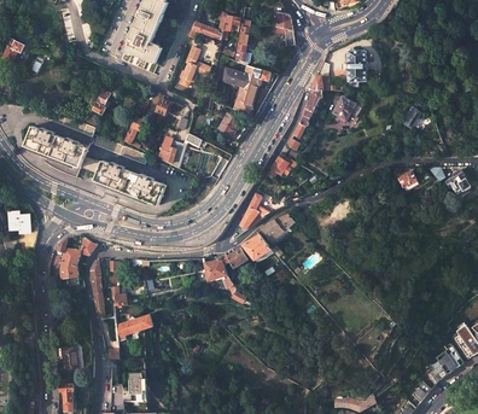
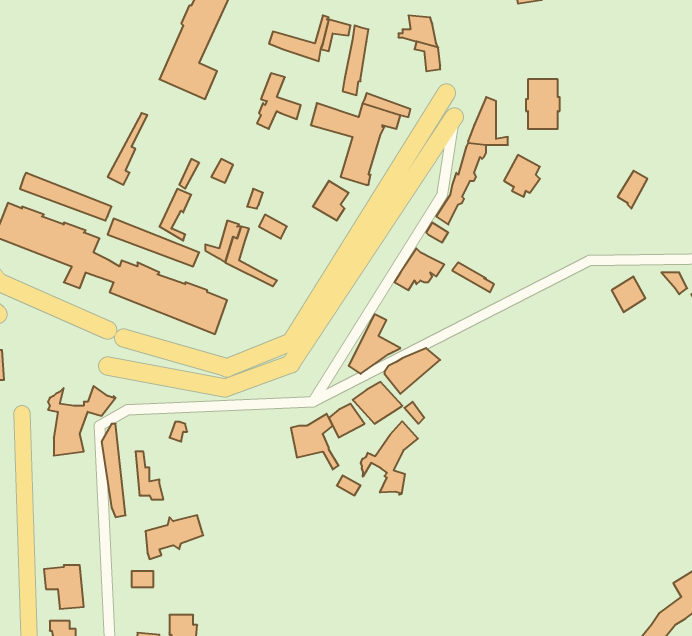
building: none -> [361,421,418,495]

